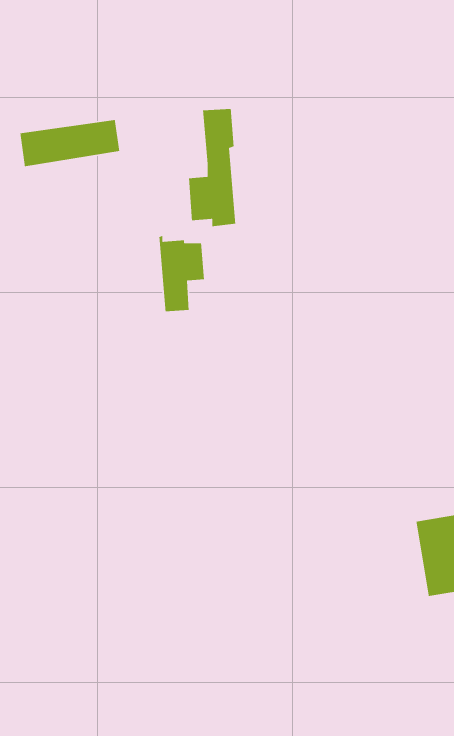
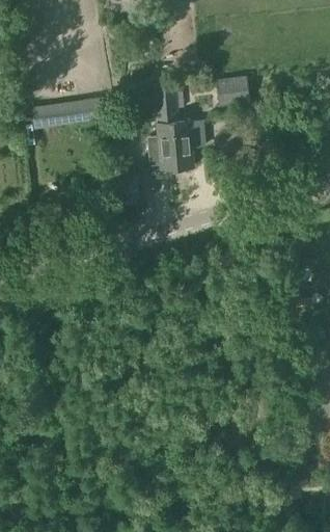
building: none -> [218,79,250,104]
building: [159,235,205,312] -> [174,116,205,168]

